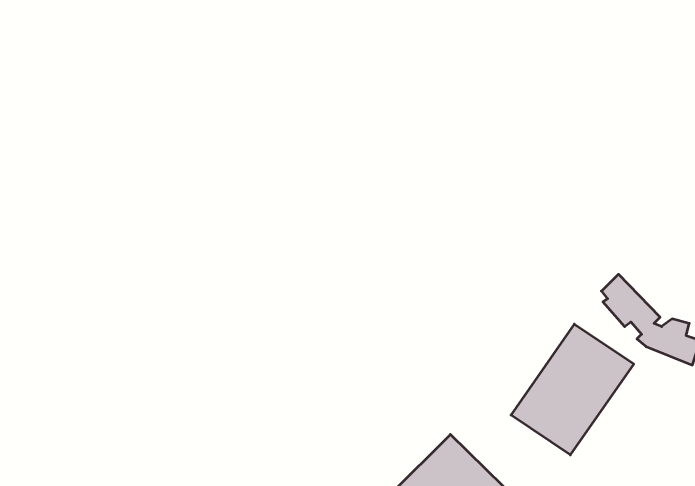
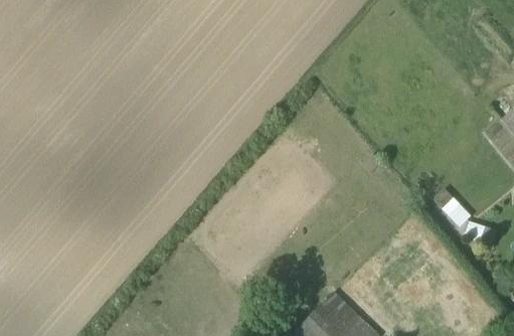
building: [511,324,634,455] -> none

